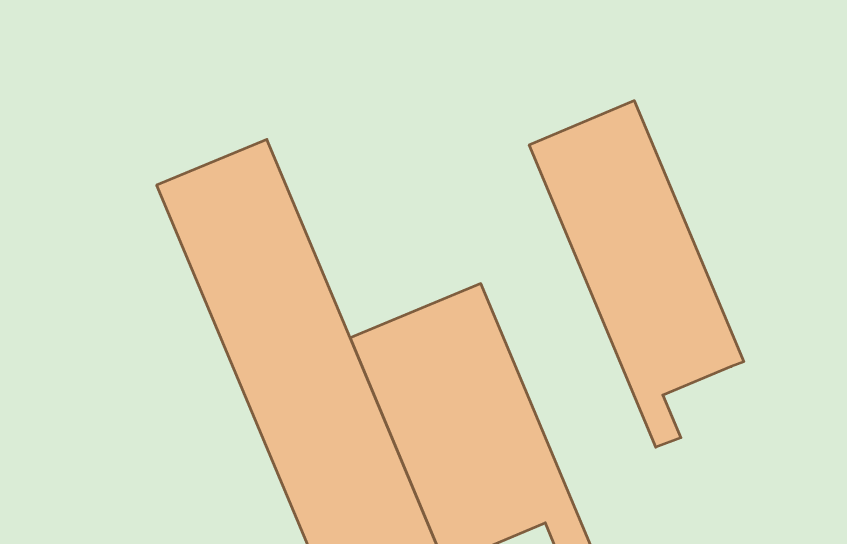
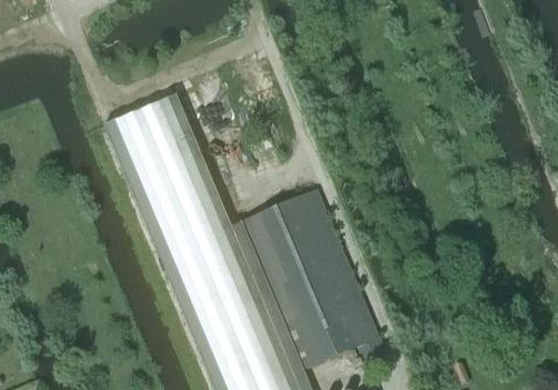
building: [529,101,744,447] -> none

